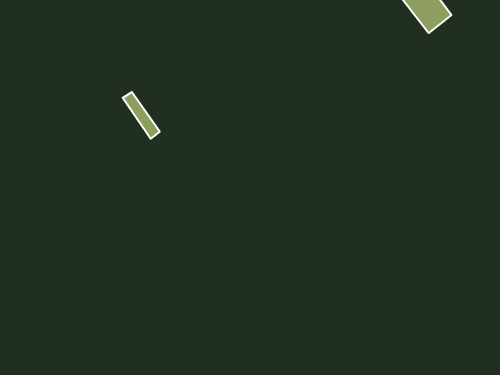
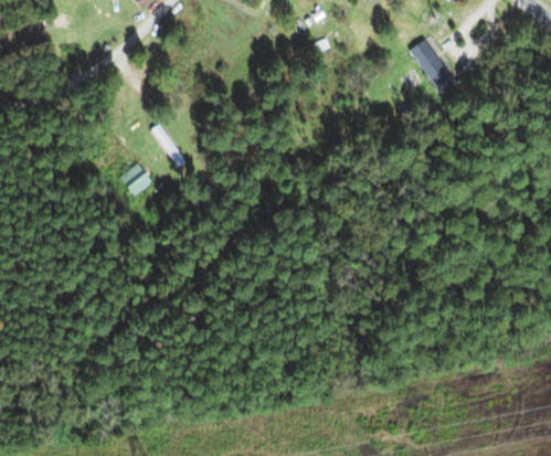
building: none -> [120,163,155,198]

